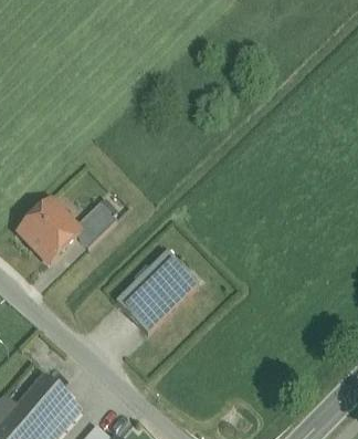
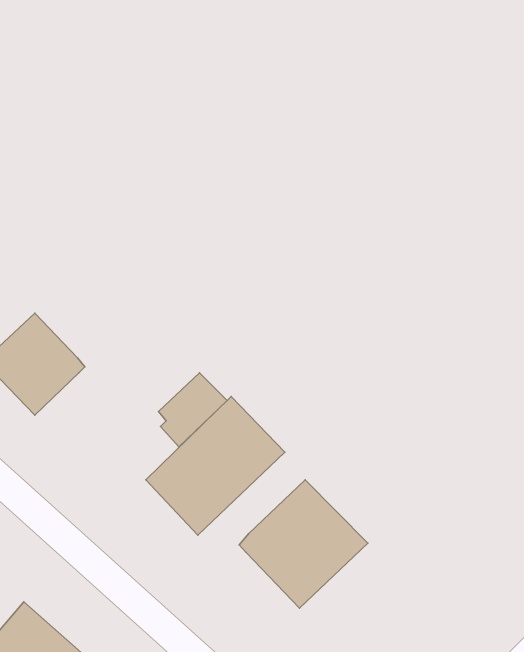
building: [76,203,117,248] -> [159,373,227,447]
building: none -> [239,480,368,608]

